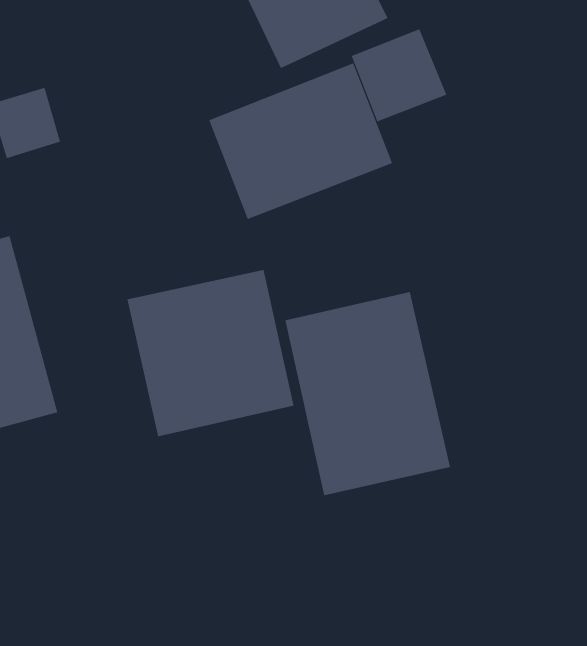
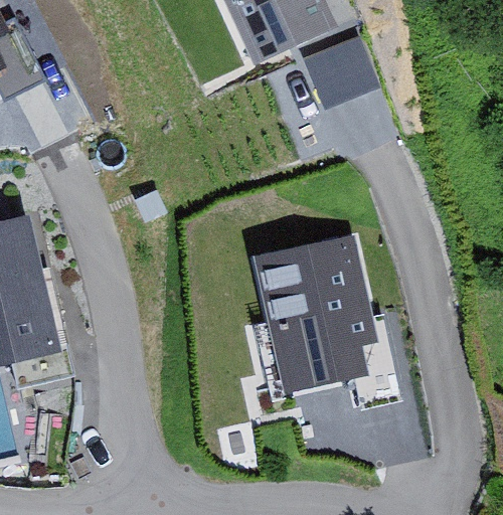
building: [209,63,393,220] -> none
building: [127,269,294,437] -> none

